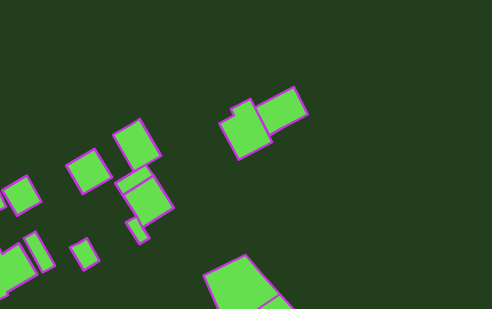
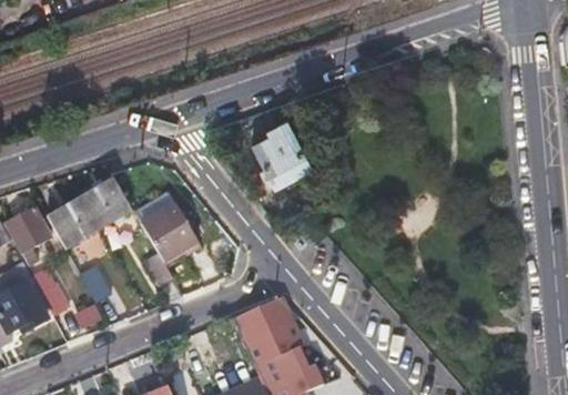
building: [255,87,308,135] -> none
building: [113,119,161,171] -> none
building: none -> [43,194,98,247]

